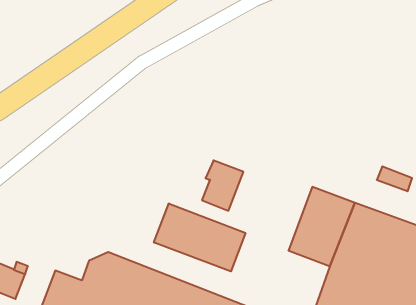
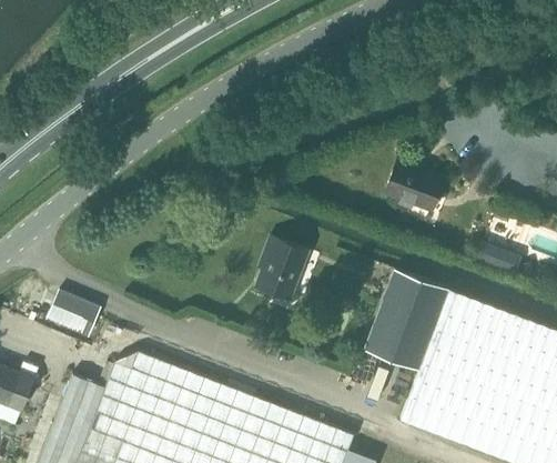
building: none -> [384,160,445,212]
building: [154,203,245,271] -> none
building: none -> [48,291,100,336]

